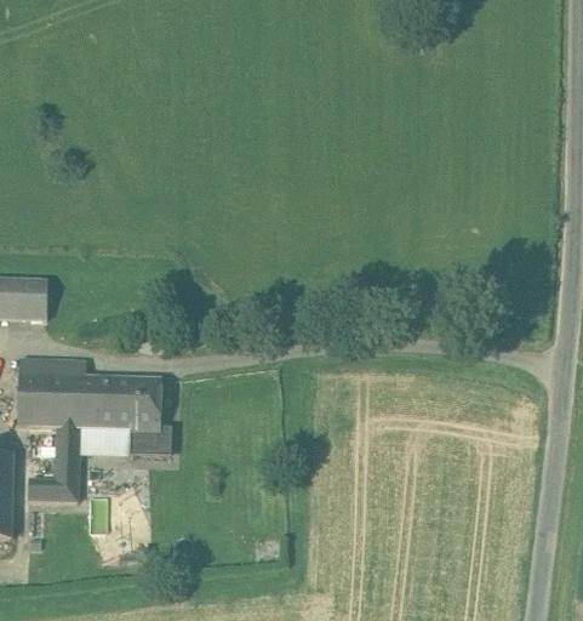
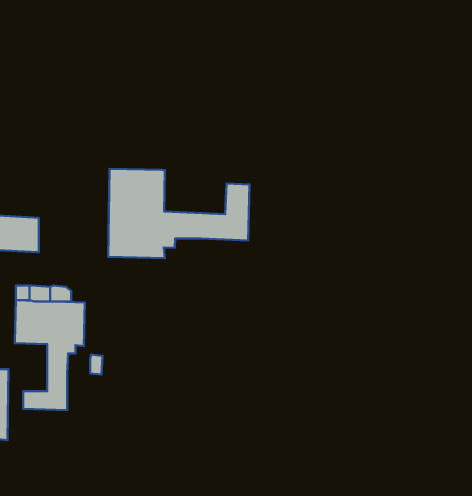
building: none -> [108,169,250,258]
building: [98,377,167,454] -> none

